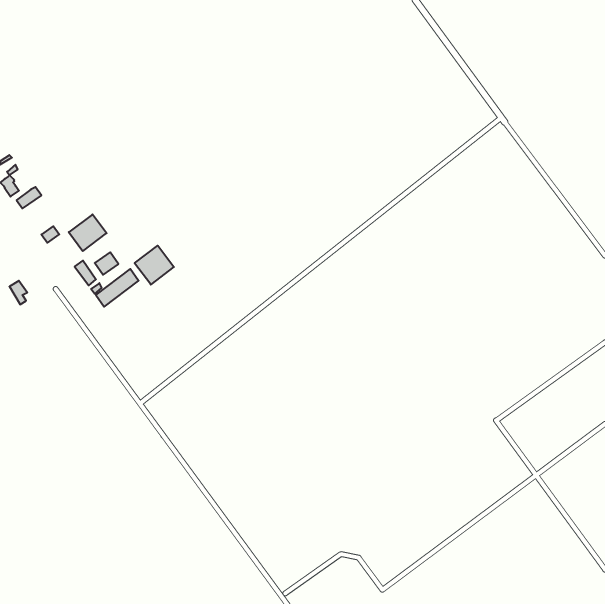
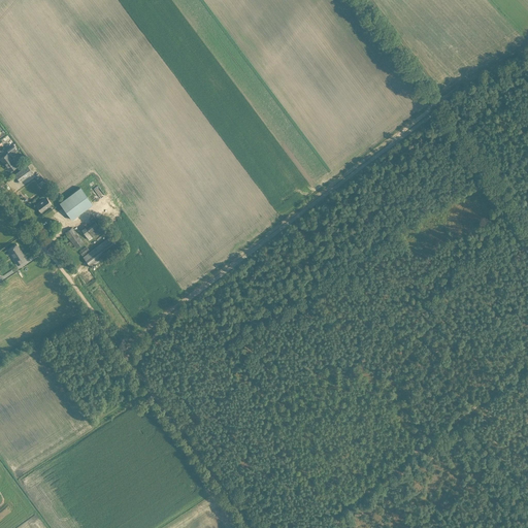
building: [135,246,174,285] -> none

